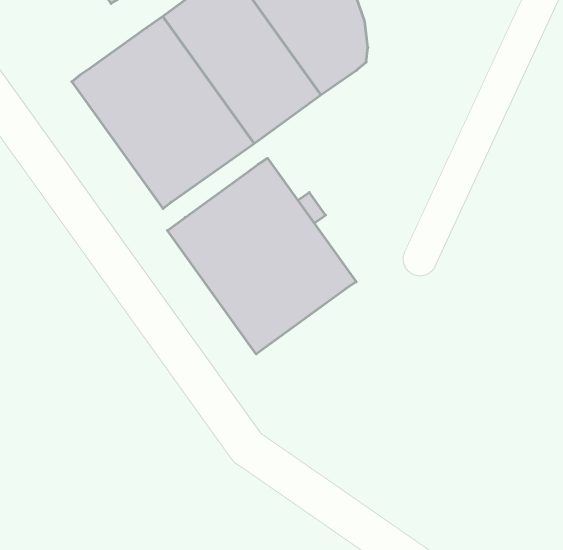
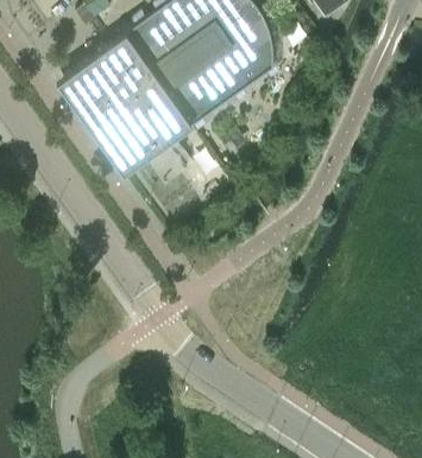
building: [167,158,356,354] -> none

